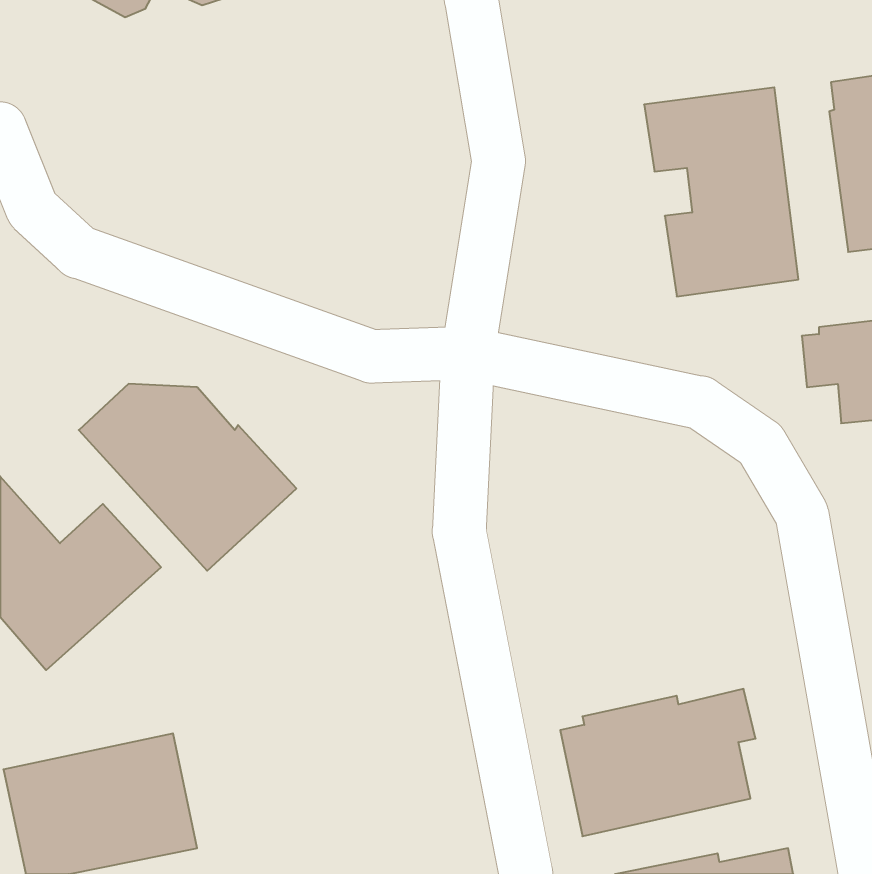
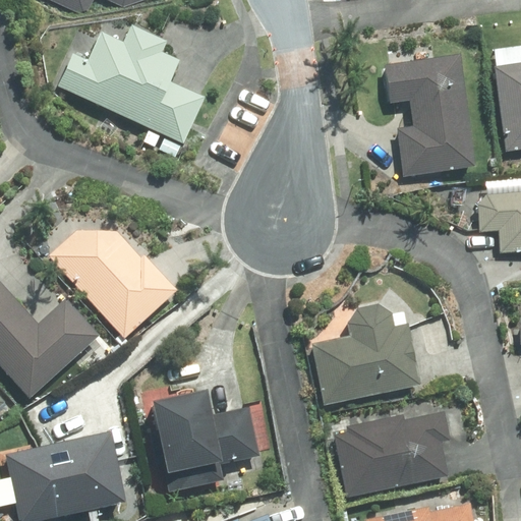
building: none -> [58,23,204,146]
building: none -> [311,304,420,404]
building: none -> [152,390,259,489]

